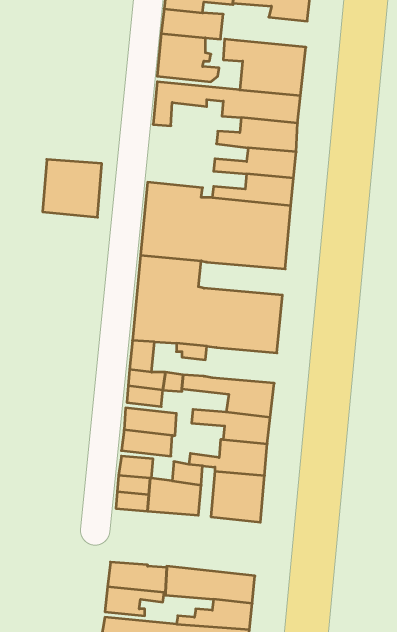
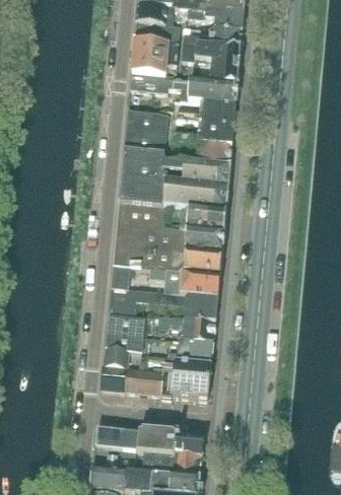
building: none -> [190,26,242,49]
building: [43,159,102,217] -> [124,110,167,152]
building: none -> [165,207,225,231]
building: none -> [172,270,219,296]

